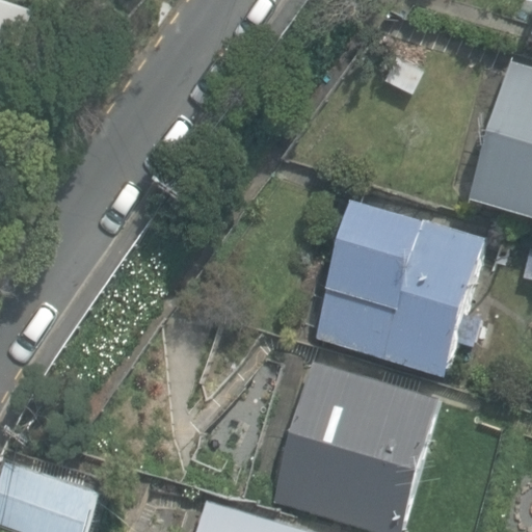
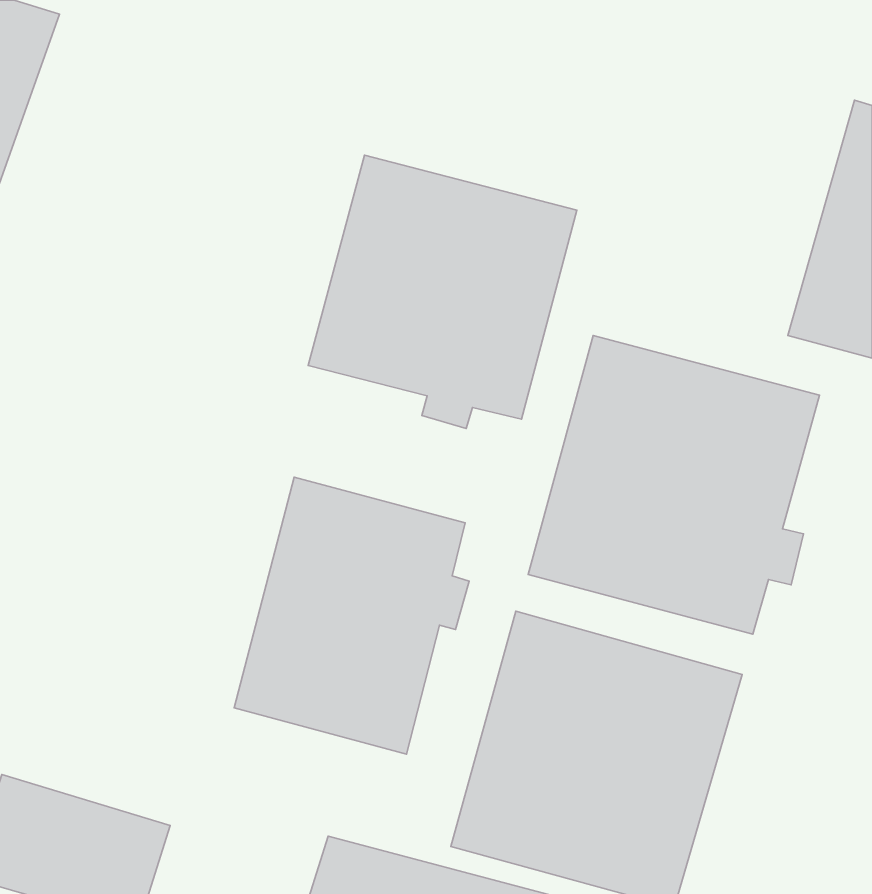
building: none -> [308,155,577,428]
building: none -> [234,477,469,754]

